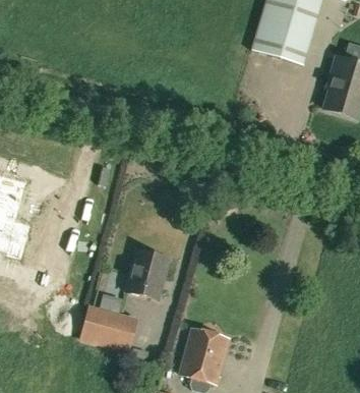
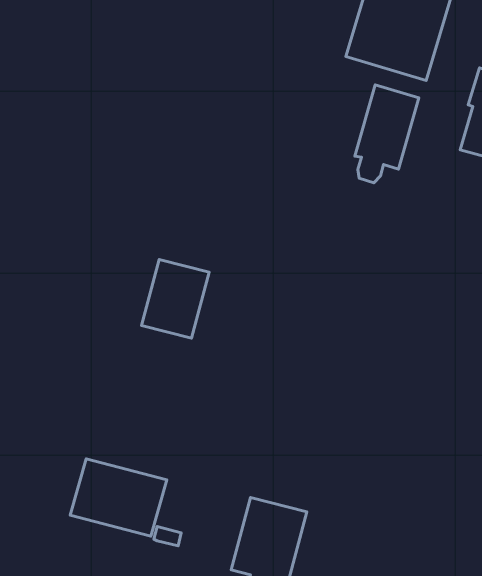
building: none -> [355,85,419,183]
building: [126,248,169,298] -> [142,259,209,338]

